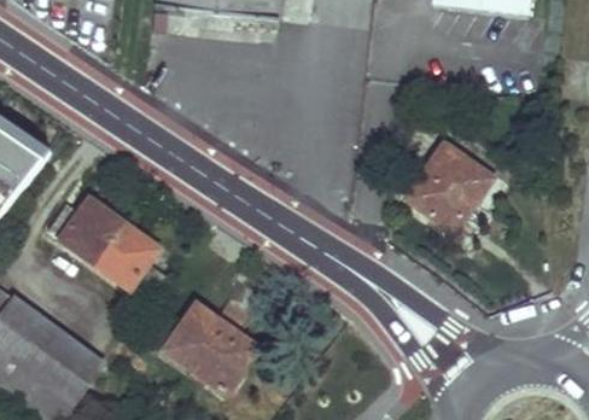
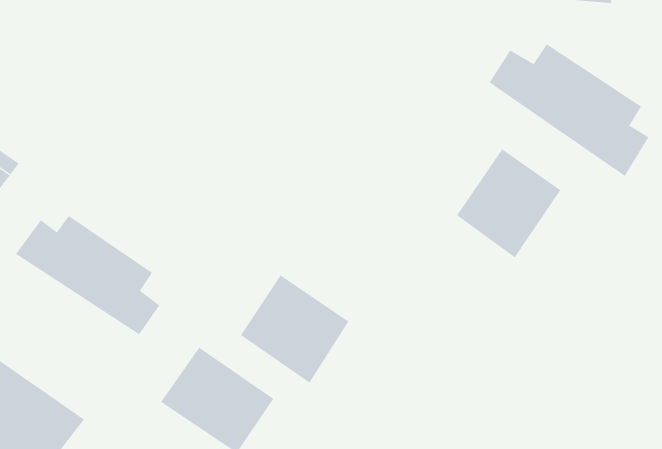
building: none -> [489,44,649,177]
building: none -> [240,275,349,383]

